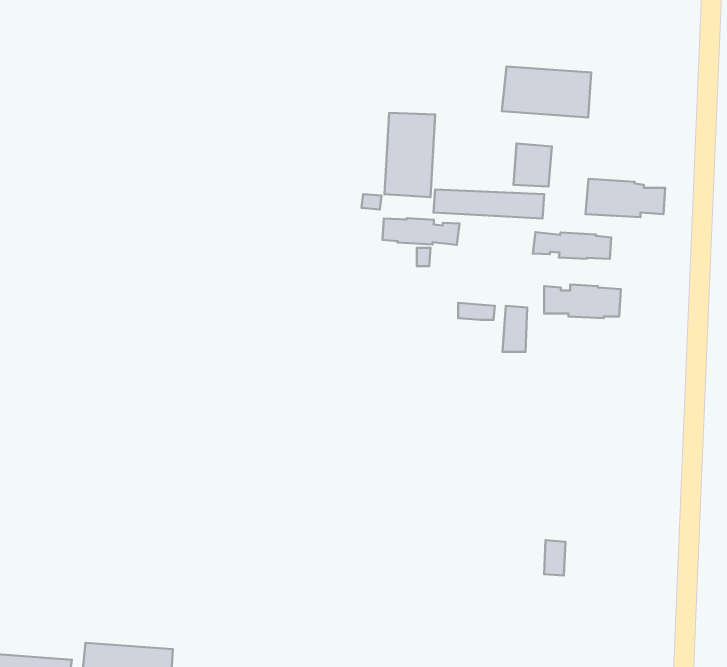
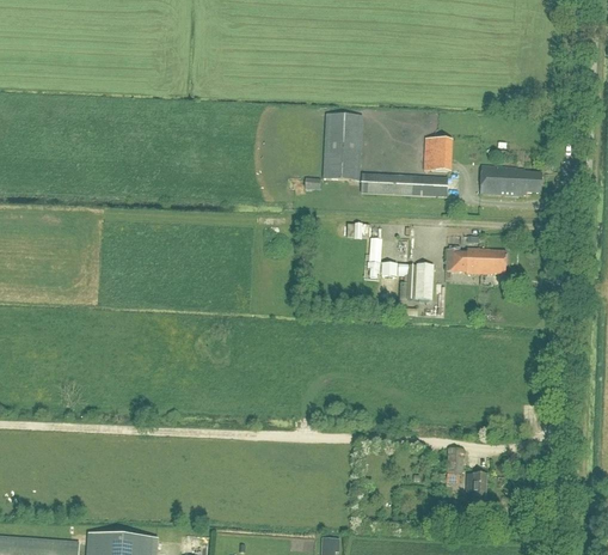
building: [502,66,591,118] -> none
building: [383,218,459,245] -> none
building: [533,232,611,259] -> none
building: none -> [466,474,486,502]

